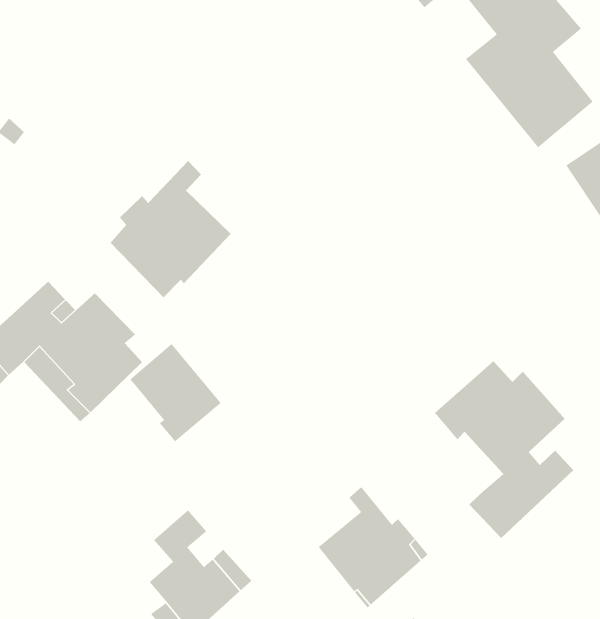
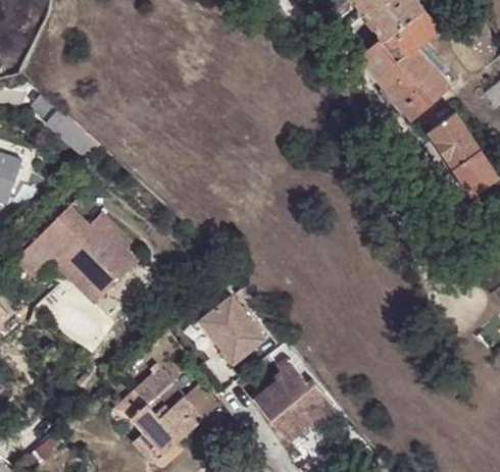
building: [110,160,231,298] -> none
building: [130,343,221,442] -> [198,295,262,364]
building: [434,361,574,539] -> none

